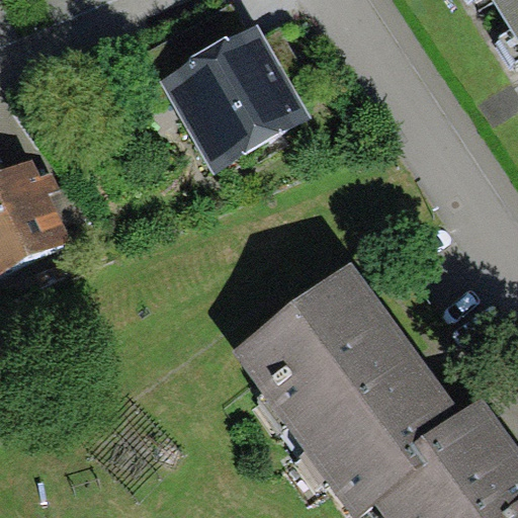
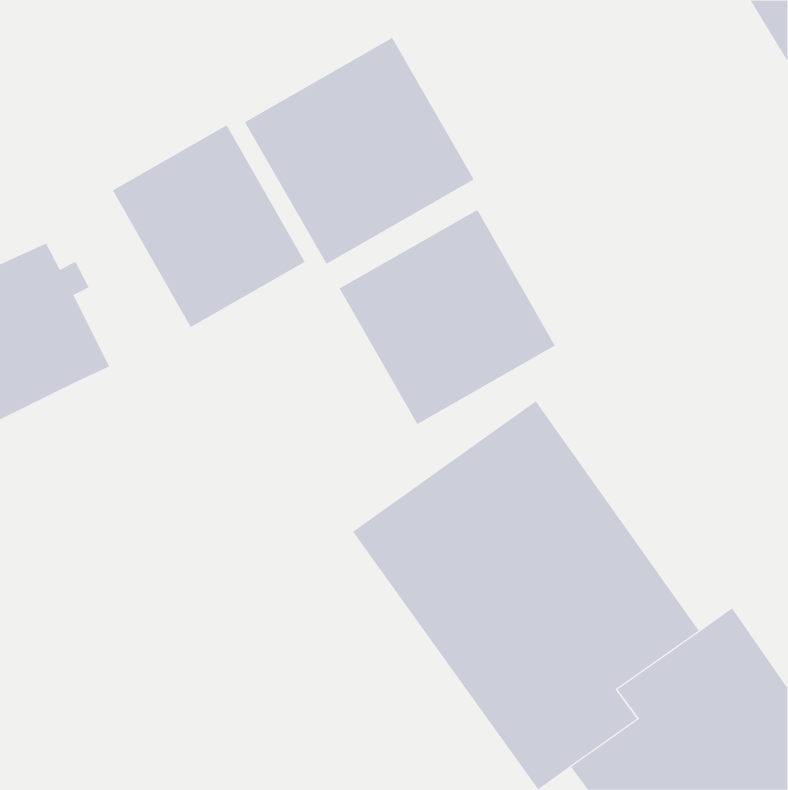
building: none -> [112,124,305,328]
building: none -> [339,209,556,425]

